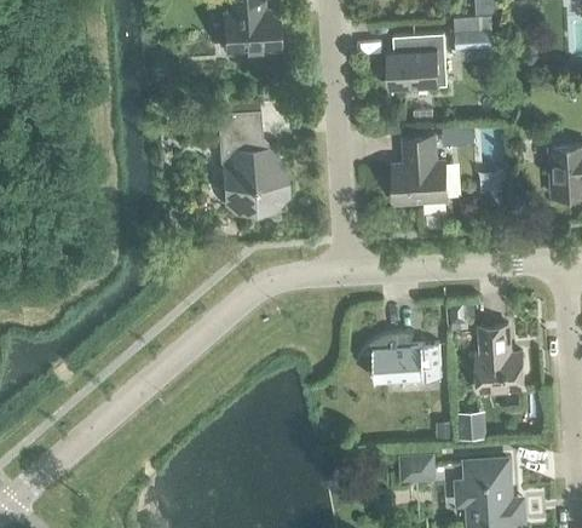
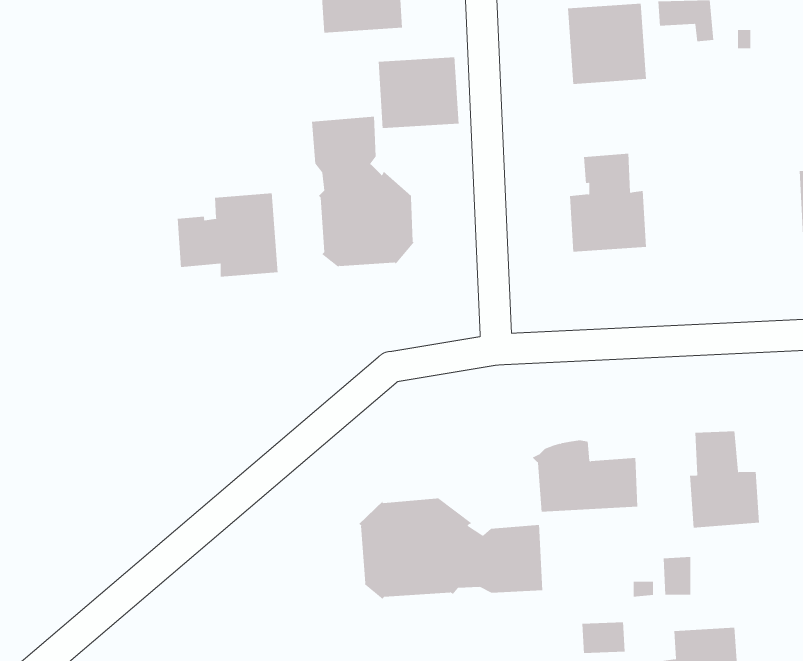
building: none -> [378,56,459,129]
building: none -> [177,192,278,278]
building: none -> [358,497,543,600]

